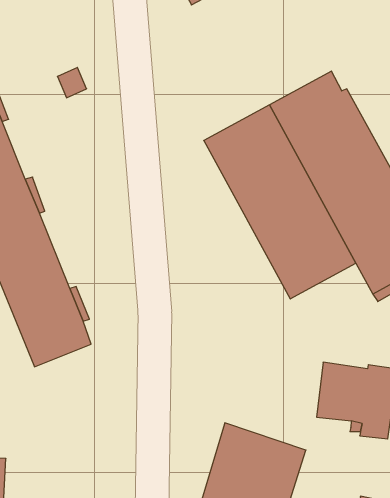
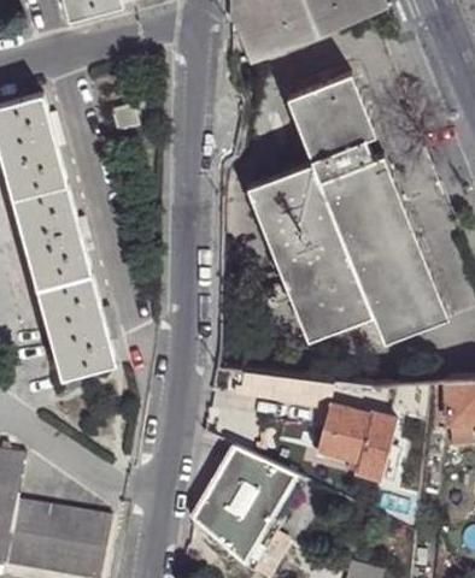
building: none -> [283,73,373,160]

